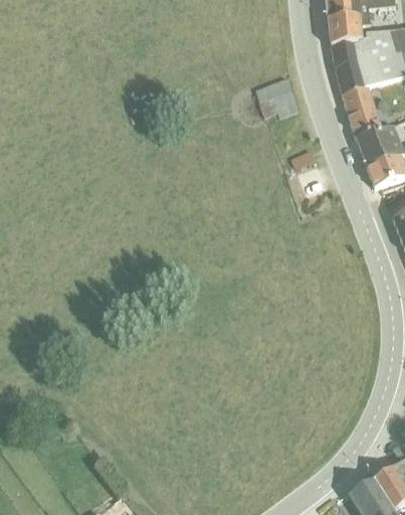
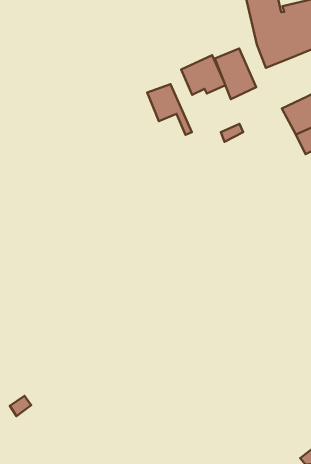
building: [342,87,382,138] -> [215,49,256,99]
building: none -> [147,84,192,135]

